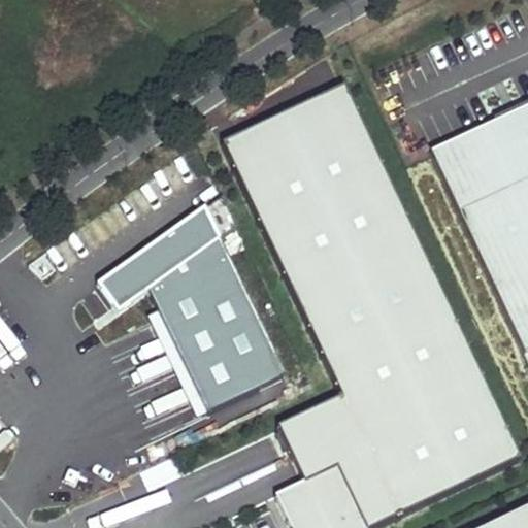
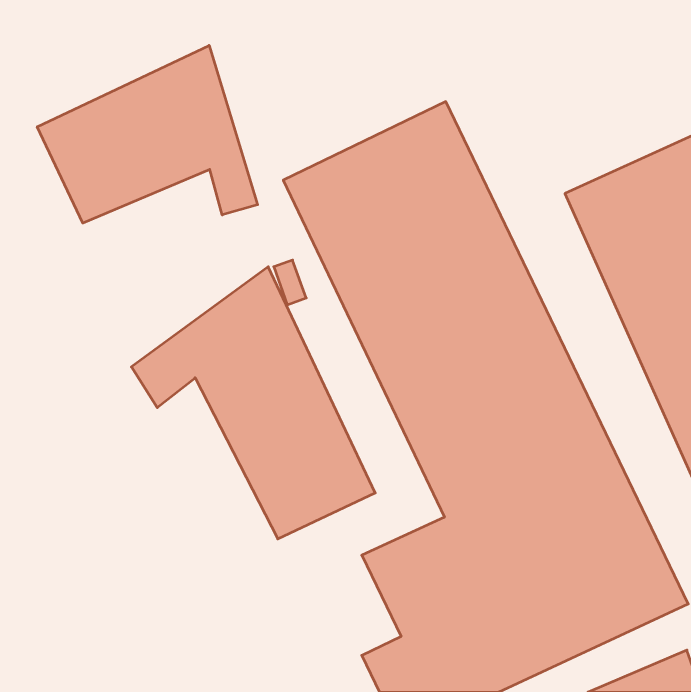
building: none -> [37,45,258,223]

